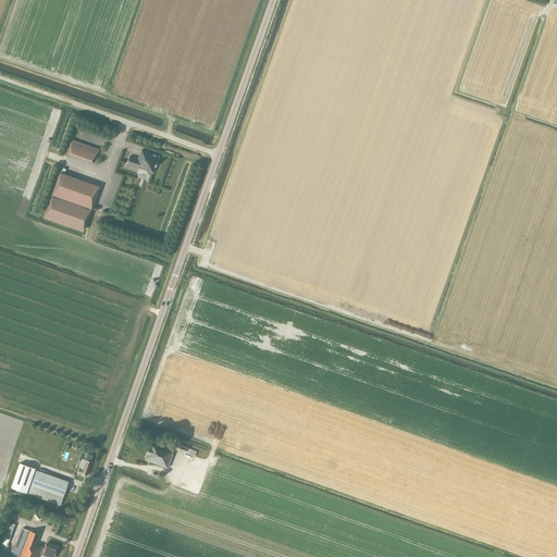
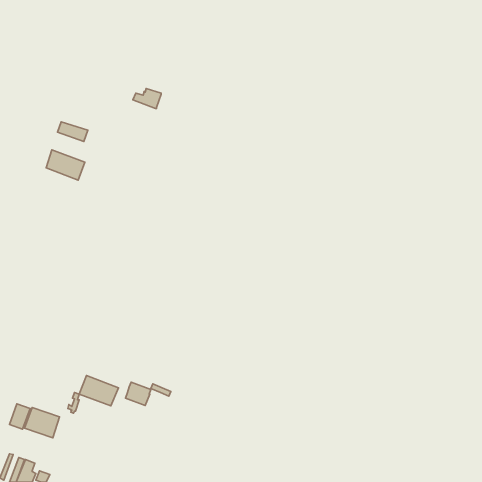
building: [126,150,159,173] -> [133,89,161,108]
building: [47,194,90,224] -> none
building: none -> [79,376,119,406]

